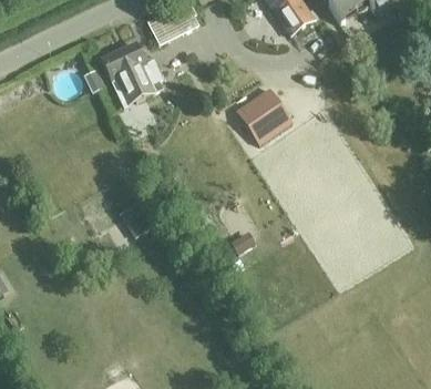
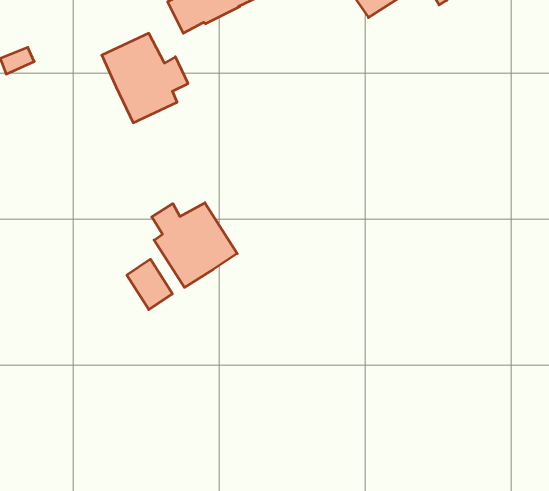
building: [237,89,293,144] -> none
building: none -> [152,203,237,287]

